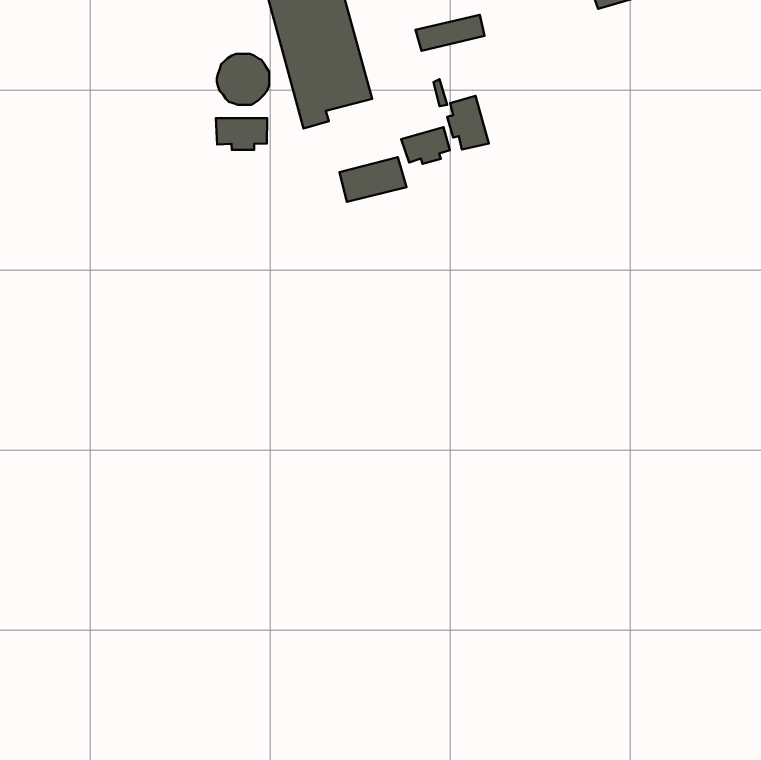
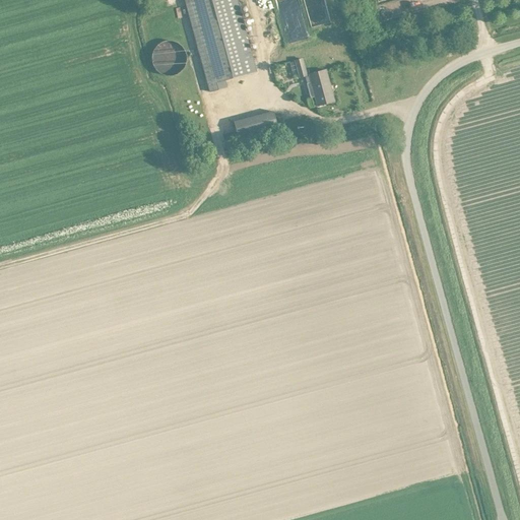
building: [216,118,267,150] -> none
building: [401,127,450,164] -> none

